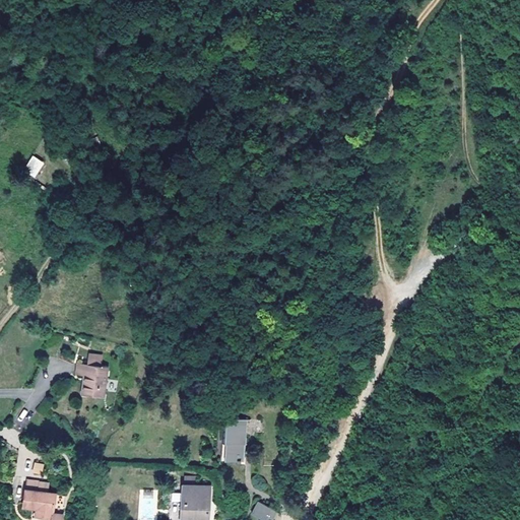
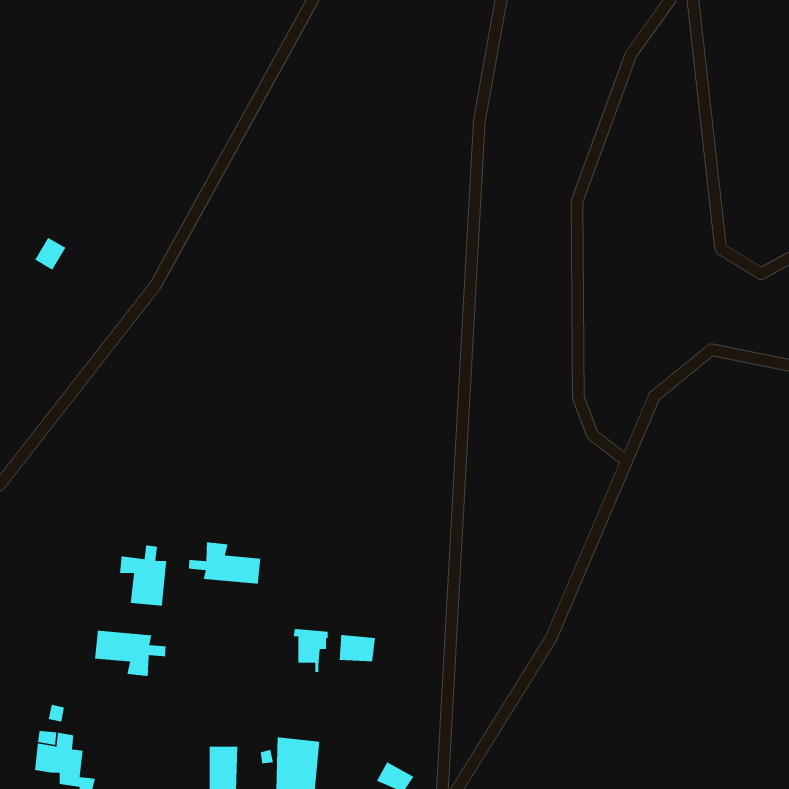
building: none -> [188,541,261,584]
building: none -> [94,630,167,677]
building: [221,437,245,466] -> [293,628,328,673]

